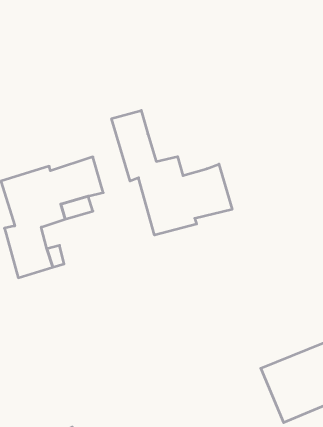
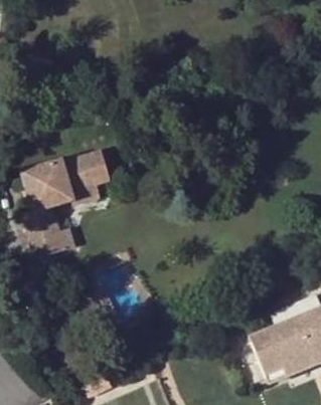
building: [112,110,232,235] -> none

